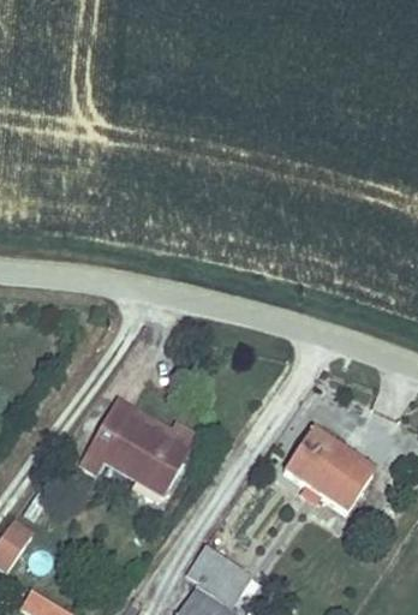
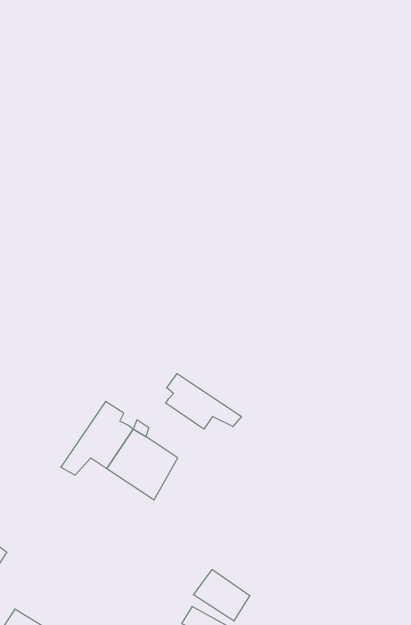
building: none -> [166,374,241,429]
building: [288,430,375,509] -> none

